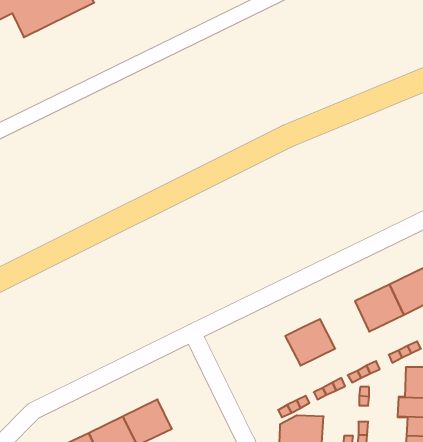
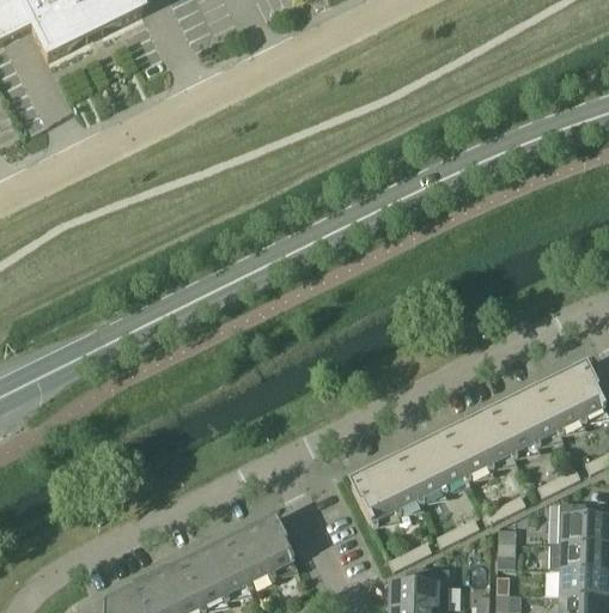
building: none -> [445,409,511,473]
building: none -> [351,456,419,520]
building: none -> [227,517,294,581]

